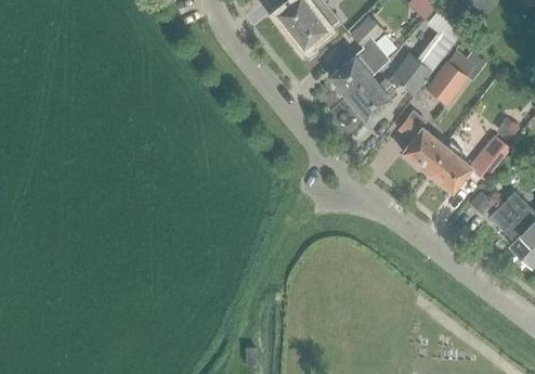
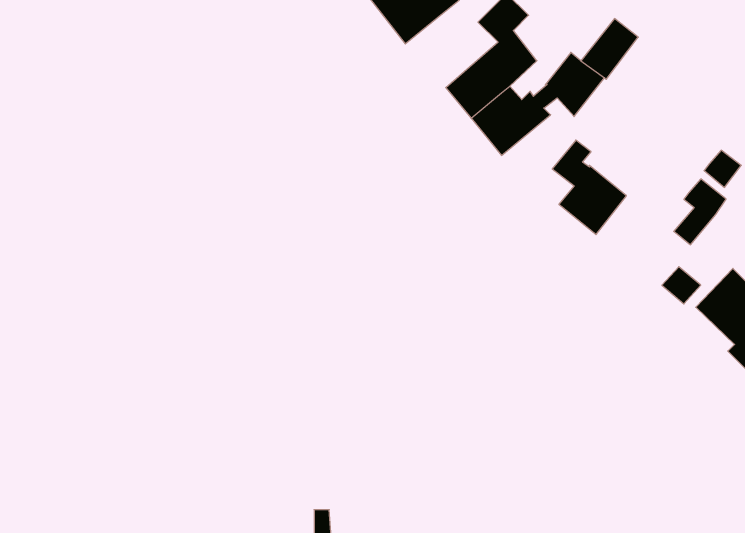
building: [426,51,474,106] -> none
building: [426,142,472,192] -> none

